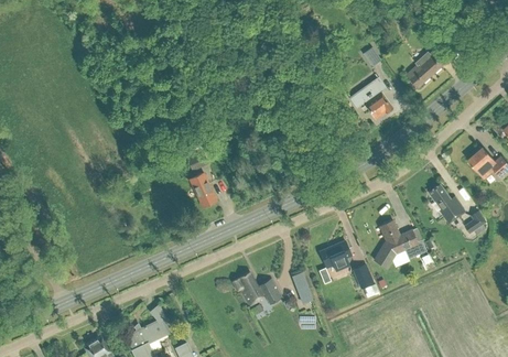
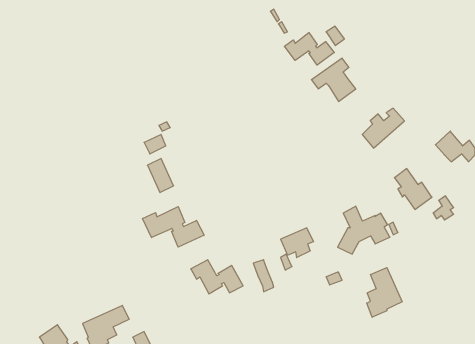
building: [408,50,448,88] -> [362,108,404,148]
building: none -> [284,33,334,65]
building: none -> [143,207,204,247]
building: none -> [367,268,402,317]

